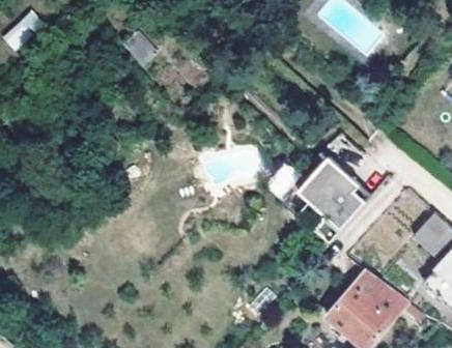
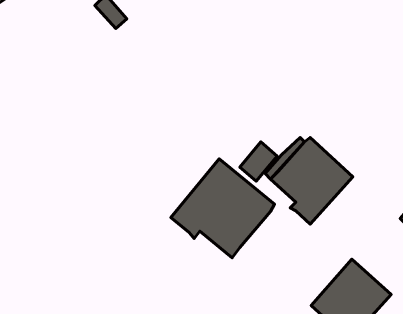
building: none -> [171,159,275,258]

